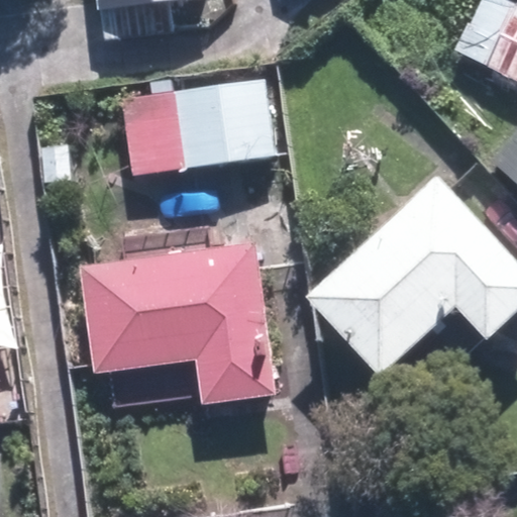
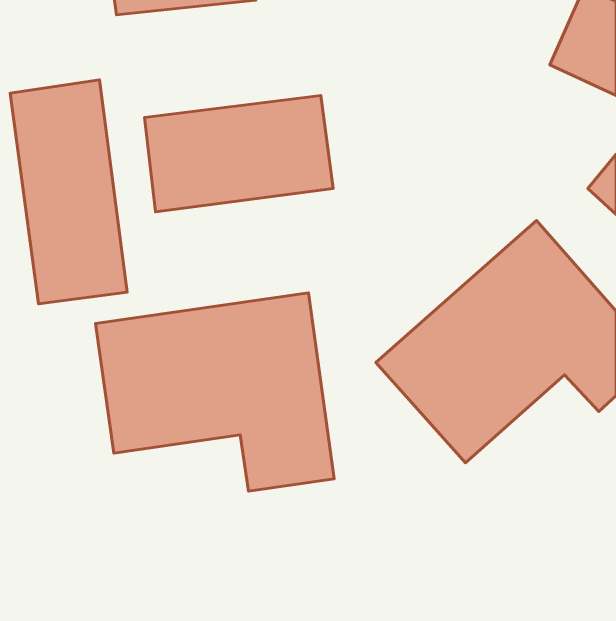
building: none -> [10,80,127,304]

